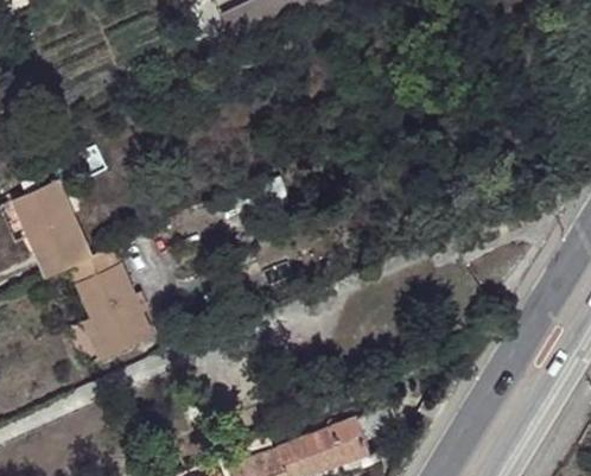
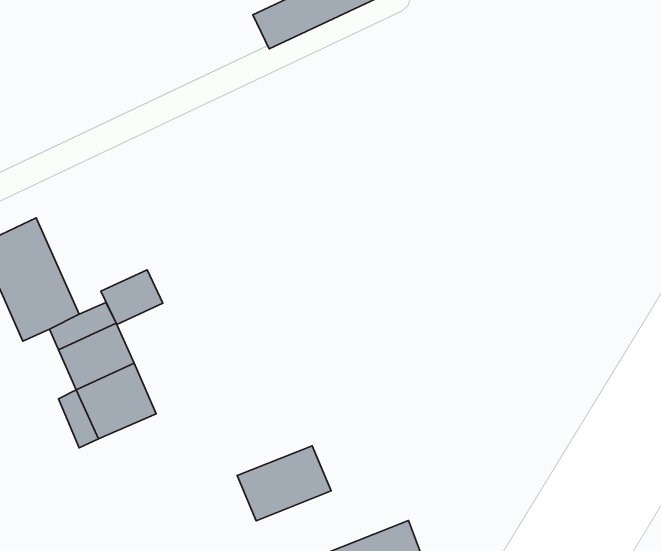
building: none -> [101,270,163,324]
building: none -> [237,446,331,521]

